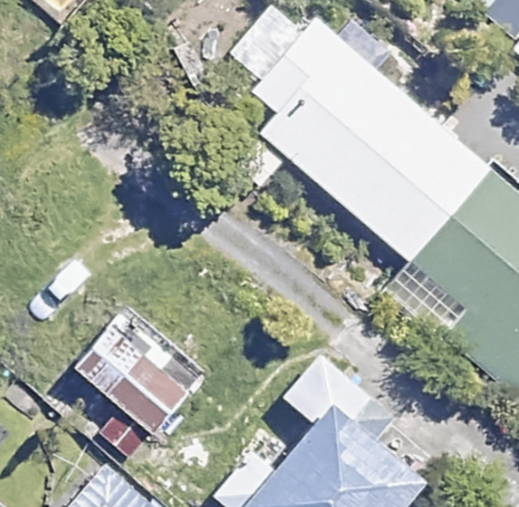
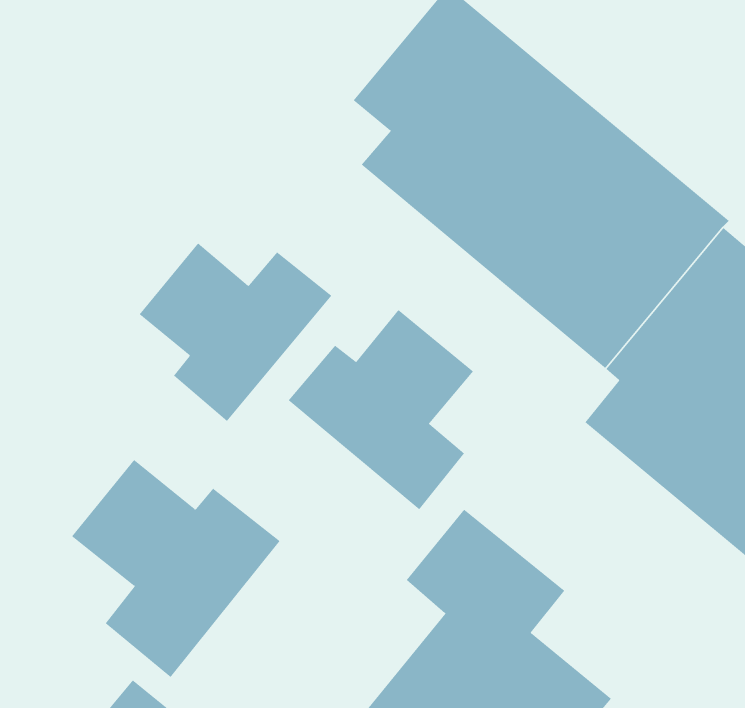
building: none -> [139,243,332,422]
building: none -> [288,309,474,510]

